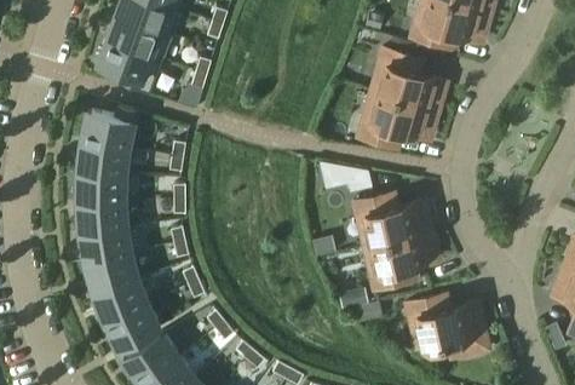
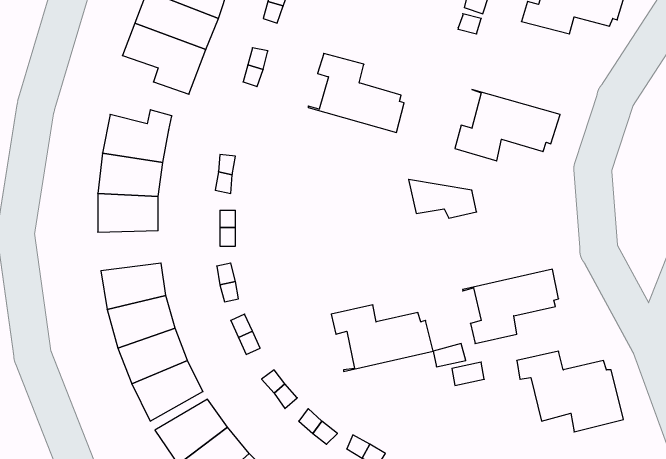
building: [370,48,445,110] -> [308,53,404,132]
building: [353,195,433,247] -> [331,305,433,371]
building: [77,201,127,232] -> none

